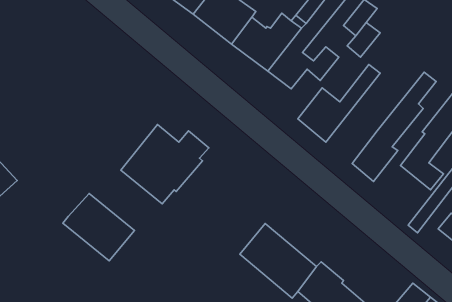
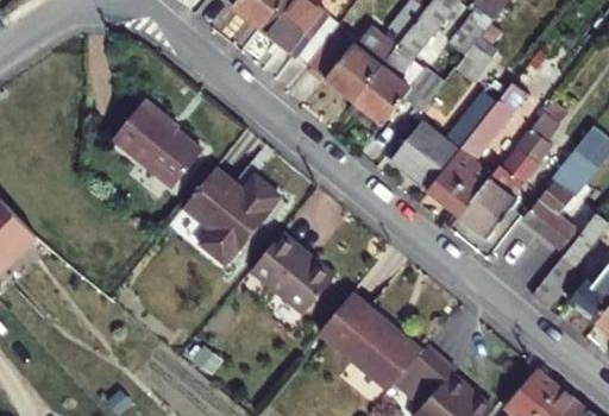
building: none -> [428,83,527,216]
building: none -> [112,100,200,188]
building: none -> [251,233,335,311]
building: [63,194,134,261] -> none

